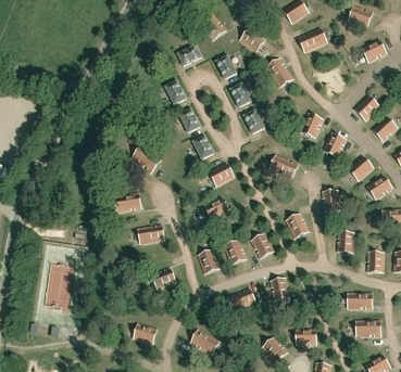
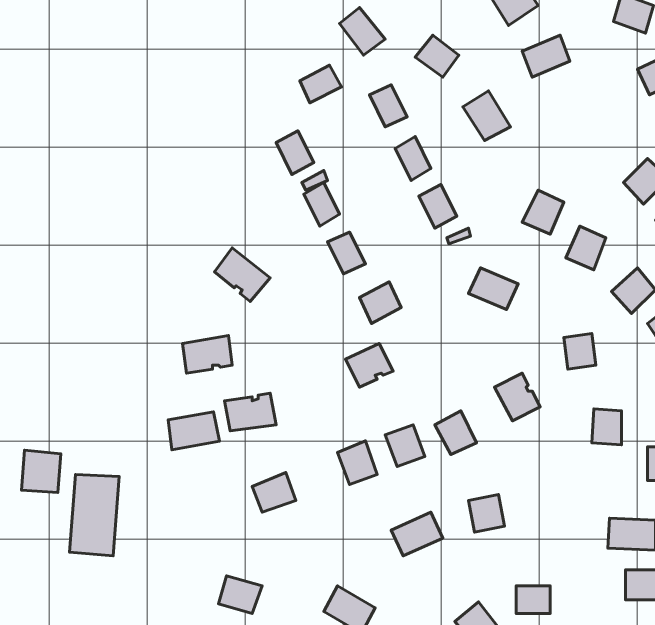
building: none -> [168,412,220,450]
building: none -> [22,450,61,492]

